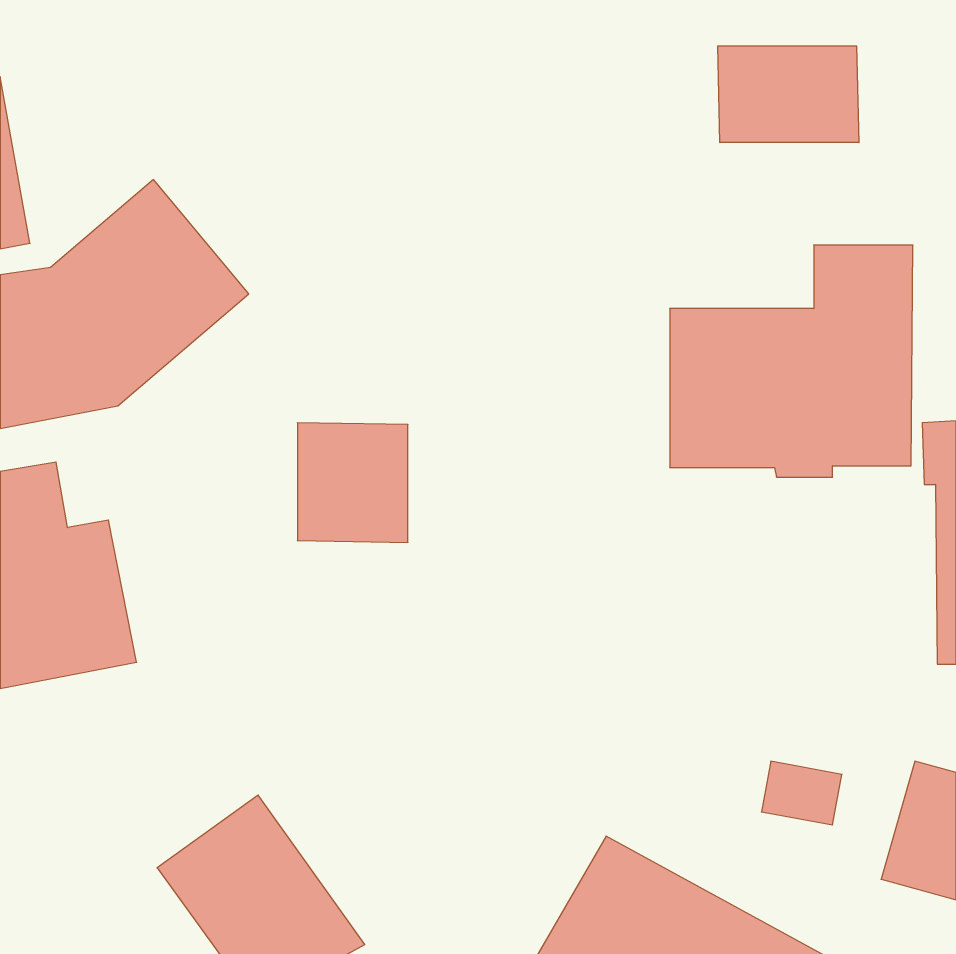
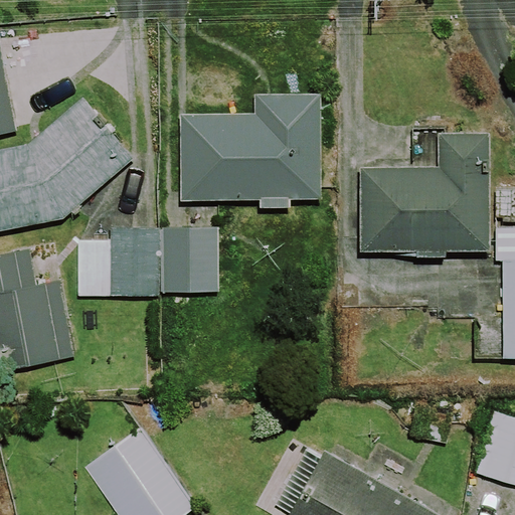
building: [718,46,859,143] -> none
building: none -> [180,93,323,208]
building: none -> [77,228,160,298]

